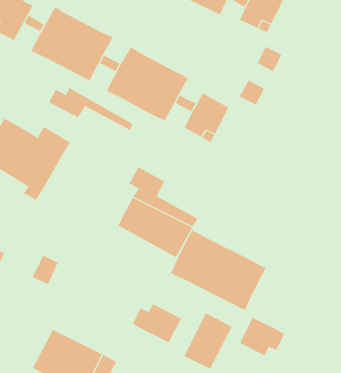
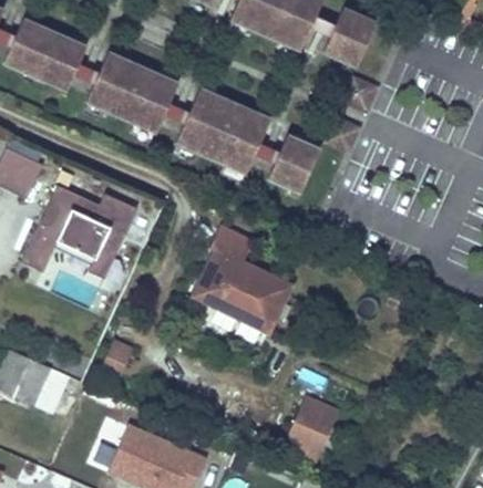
building: [49,87,133,131] -> none
building: [170,230,267,311] -> none
building: [132,303,181,343] -> none
building: [240,317,285,356] -> none

